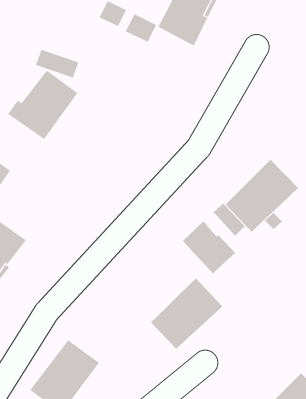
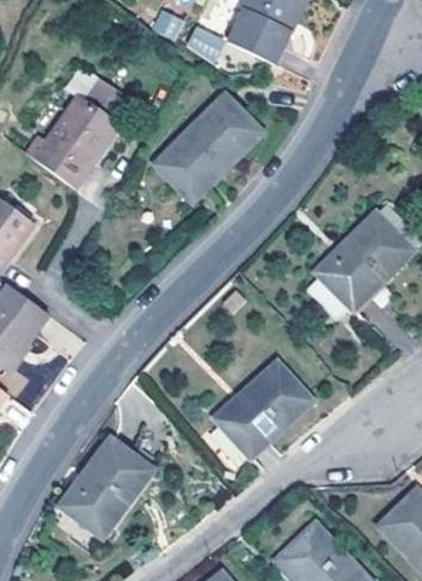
building: none -> [153,94,257,198]
building: [182,221,236,275] -> none

